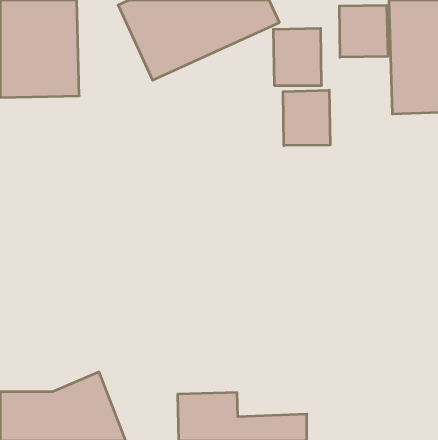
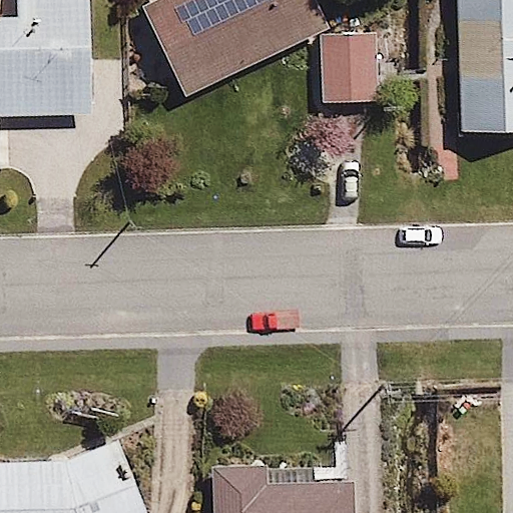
building: [339,5,388,57] -> none
building: [283,90,330,146] -> none

